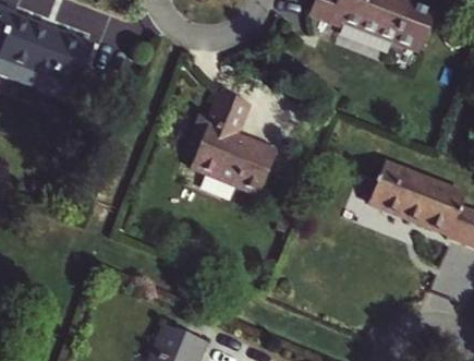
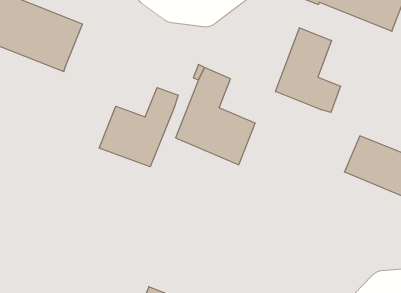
building: none -> [276,28,340,112]
building: none -> [99,88,178,167]

